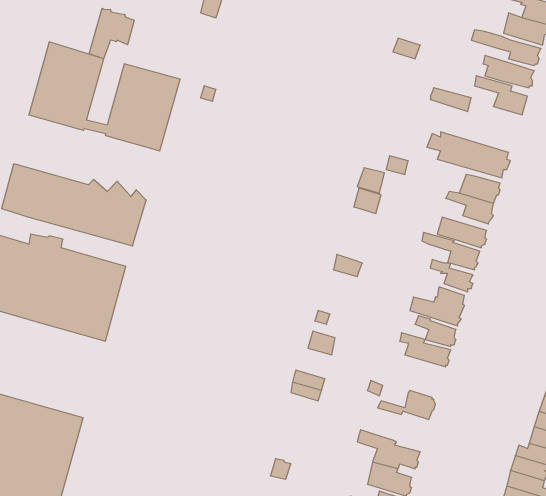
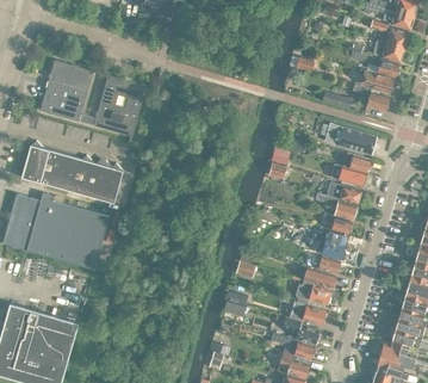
building: [89,8,134,59] -> none
building: none -> [296,280,331,309]
building: none -> [283,316,320,345]

